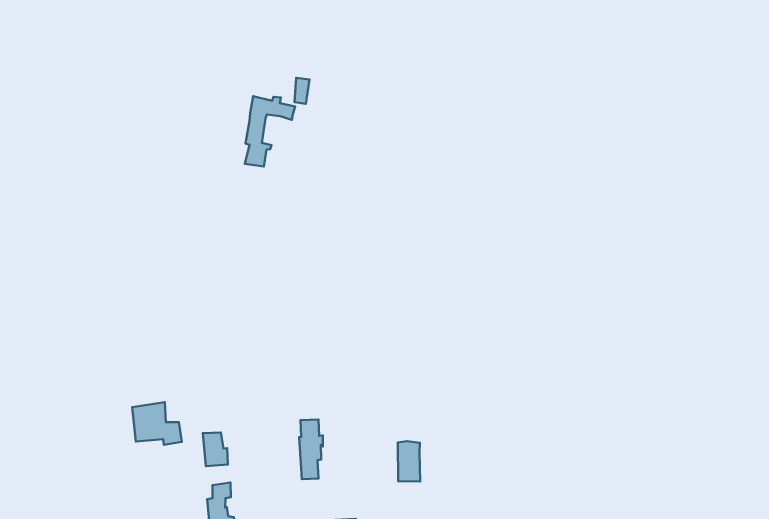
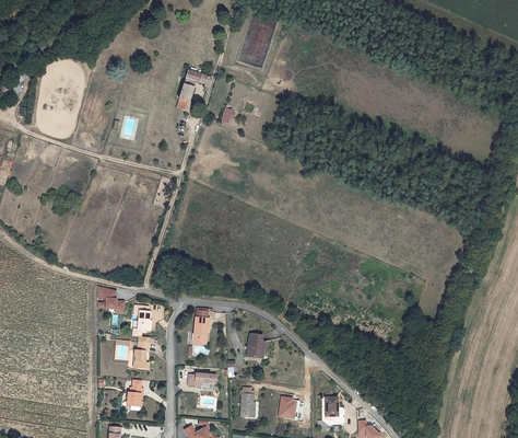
building: [245,96,295,167] -> [177,69,212,112]

